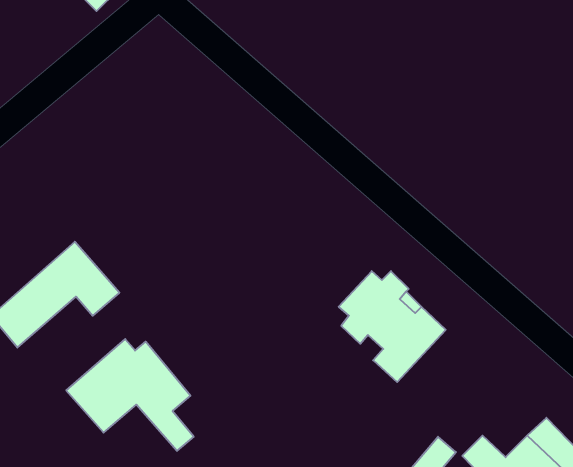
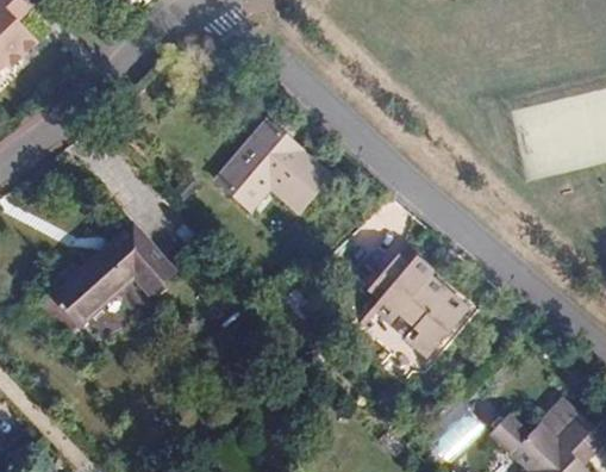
building: none -> [219,129,335,219]
building: [66,339,194,451] -> none

